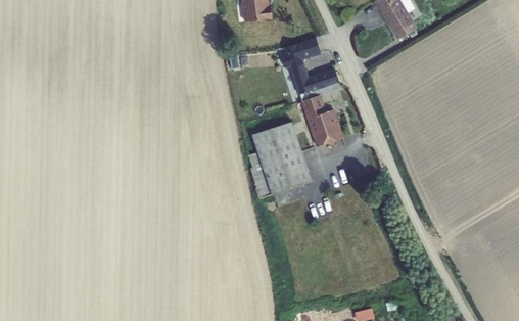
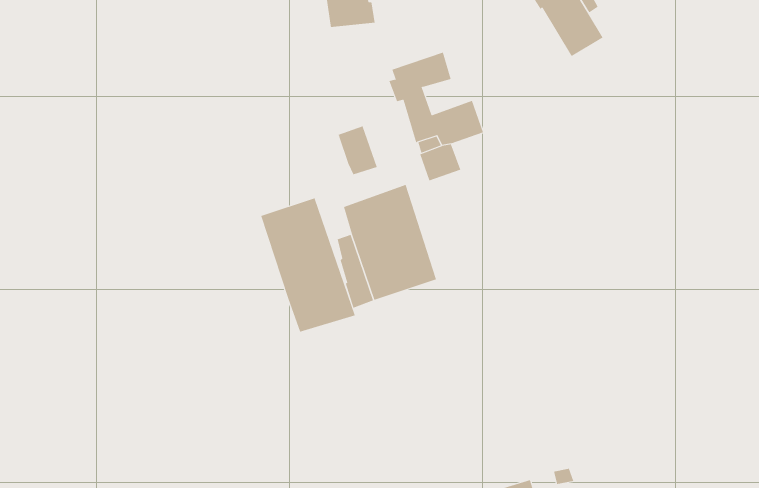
building: none -> [337,126,378,175]
building: [306,109,343,147] -> none
building: none -> [260,197,355,332]

